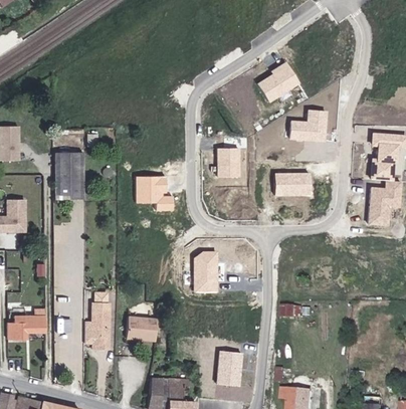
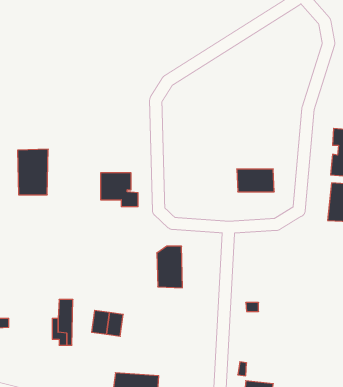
building: [257,60,301,103] -> none
building: [289,109,328,142] -> none
building: [217,148,240,177] -> none
building: [217,350,243,386] -> none

